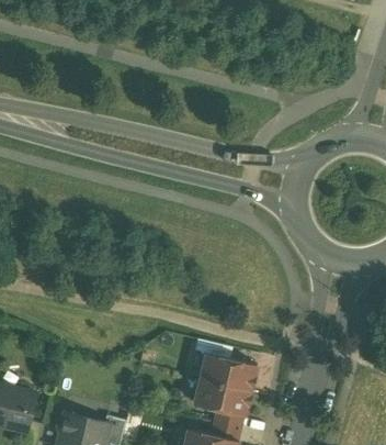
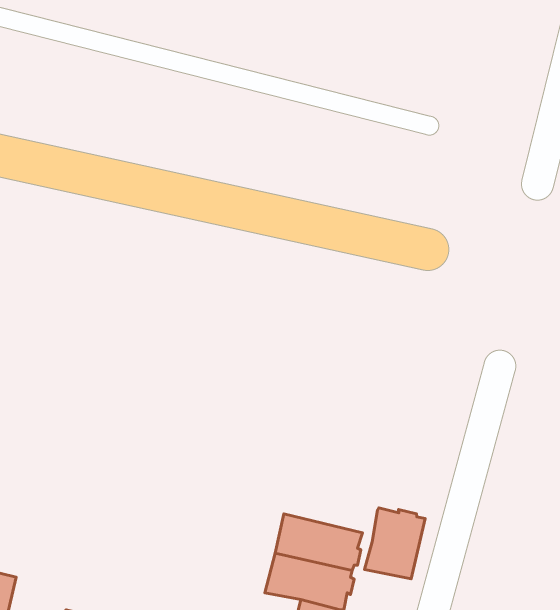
building: none -> [364,508,425,579]

